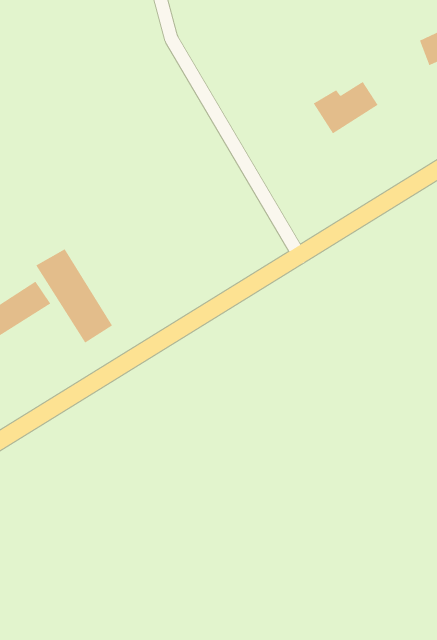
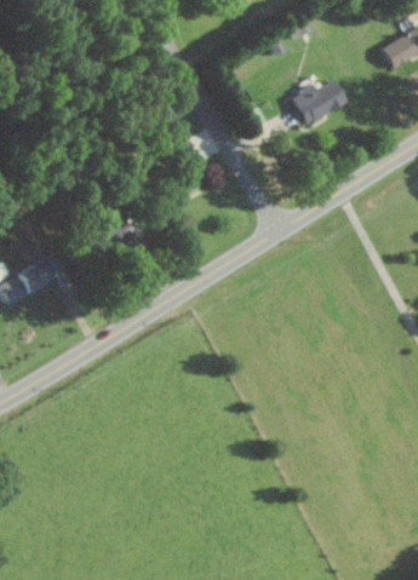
building: [36,248,113,344] -> none

